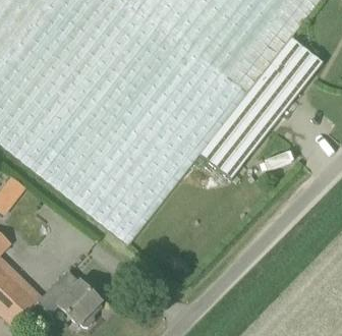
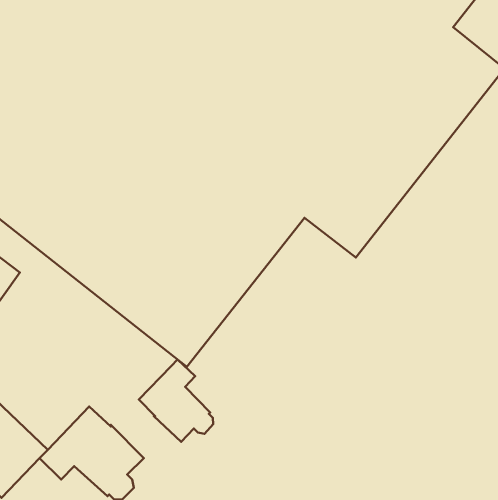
building: none -> [139,360,213,442]

